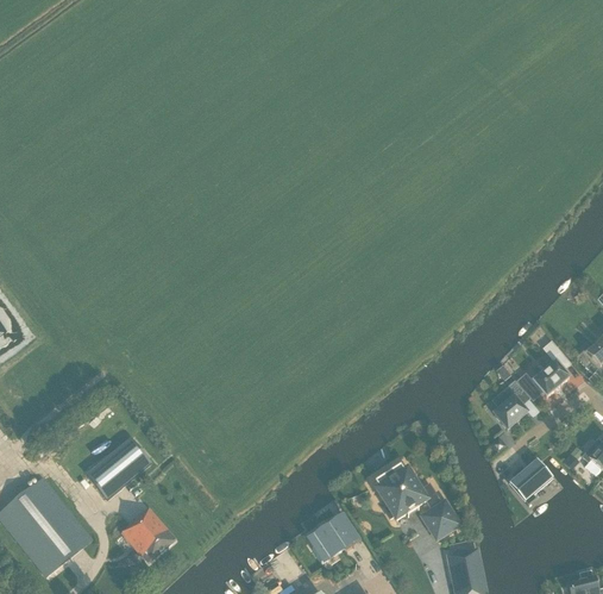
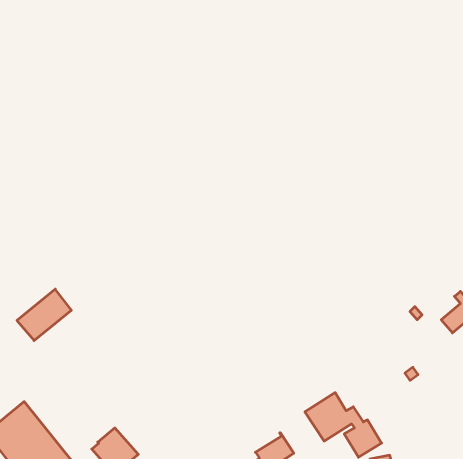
building: [492,380,527,427] -> none
building: [86,436,150,496] -> [17,289,71,341]
building: [509,459,549,502] -> none

